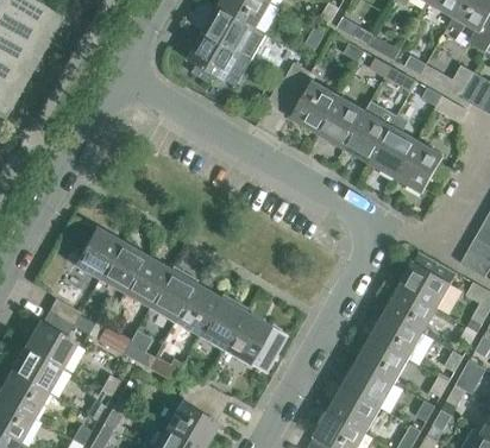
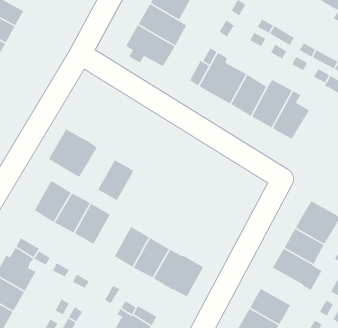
building: [396,140,445,193] -> none
building: none -> [48,128,98,178]
building: [149,270,195,322] -> [97,159,134,201]
building: [357,336,409,383] -> none

